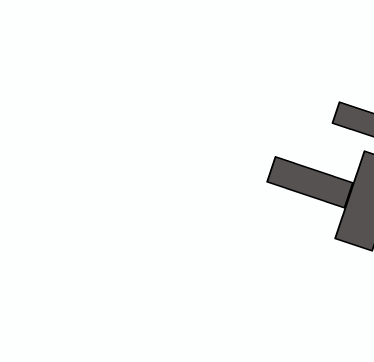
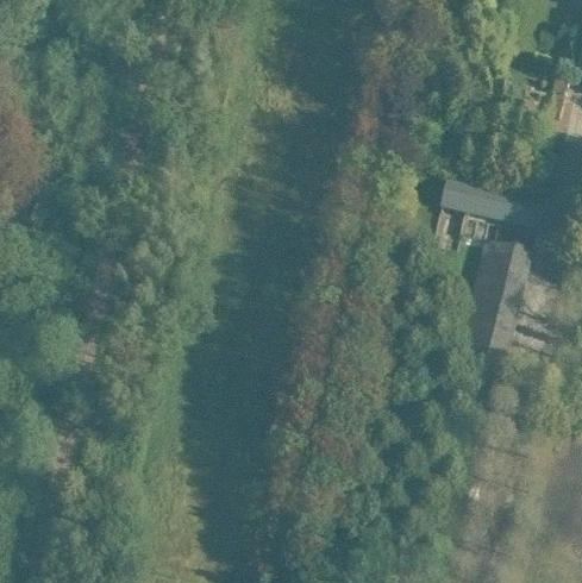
building: [267,157,353,208] -> none

